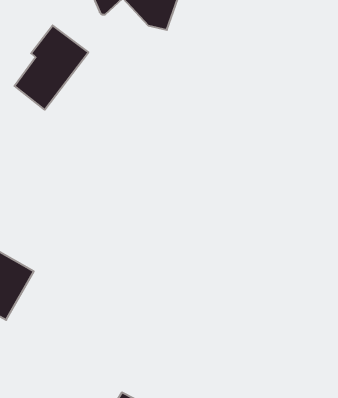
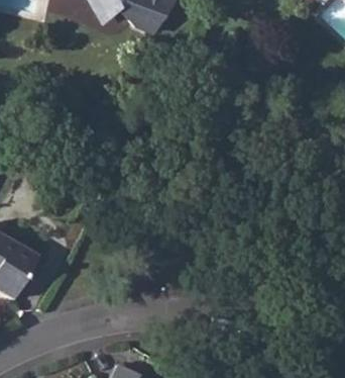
building: [14,25,88,110] -> none

